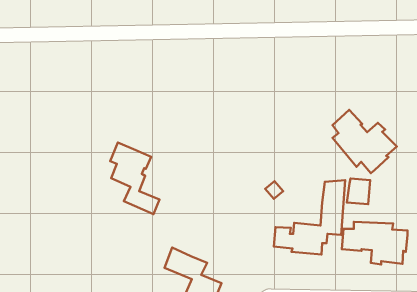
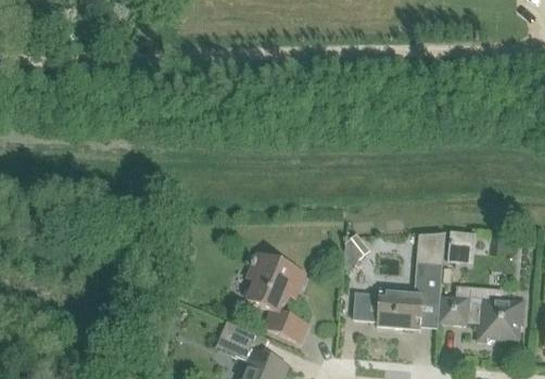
building: [332,110,397,173] -> none
building: [110,142,160,214] -> [244,251,307,342]

